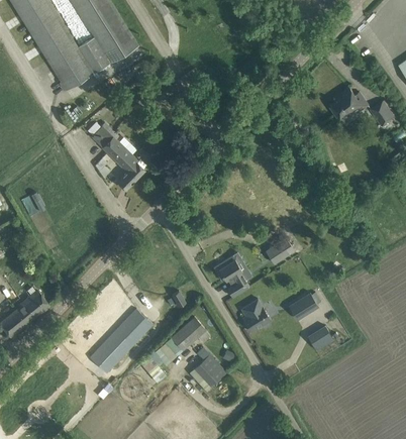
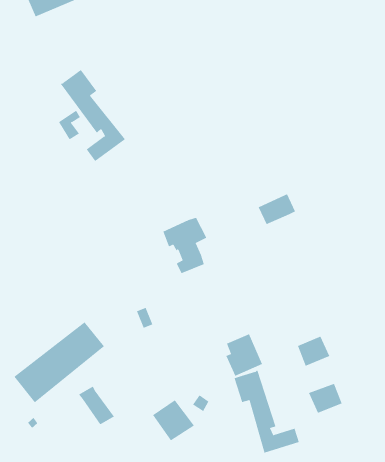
building: [265,238,293,263] -> [258,194,296,225]
building: [213,253,248,297] -> [163,217,207,274]
building: [160,317,205,360] -> none
building: none -> [234,369,300,454]

